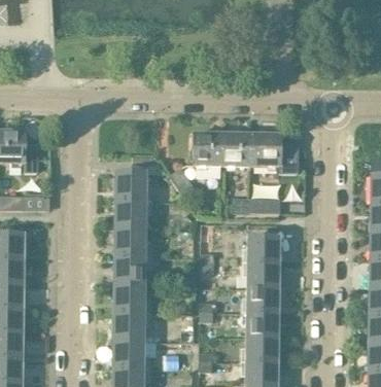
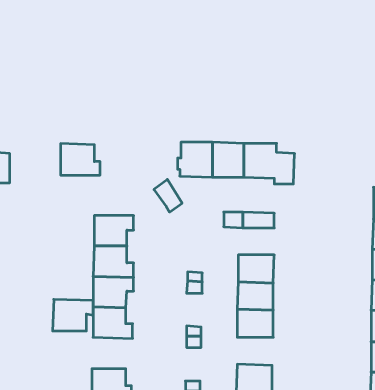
building: [115,173,151,202] -> [61,144,100,175]
building: [113,313,150,342] -> [53,299,93,331]
building: [246,313,279,339] -> none

